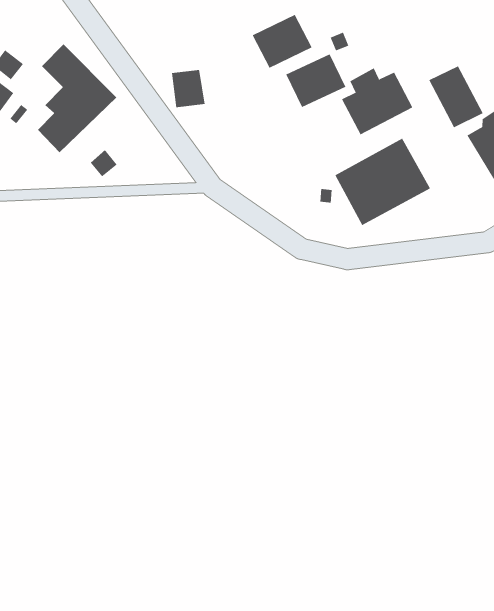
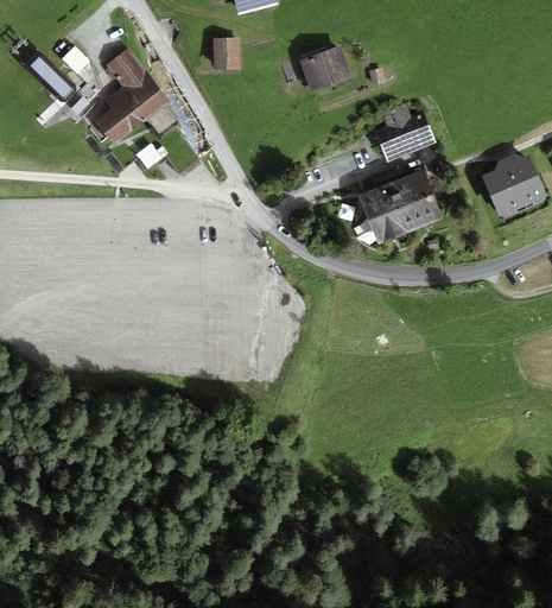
building: [286,53,346,108] -> none
building: [428,65,483,128] -> none
building: [171,69,205,108] -> [212,37,240,69]

